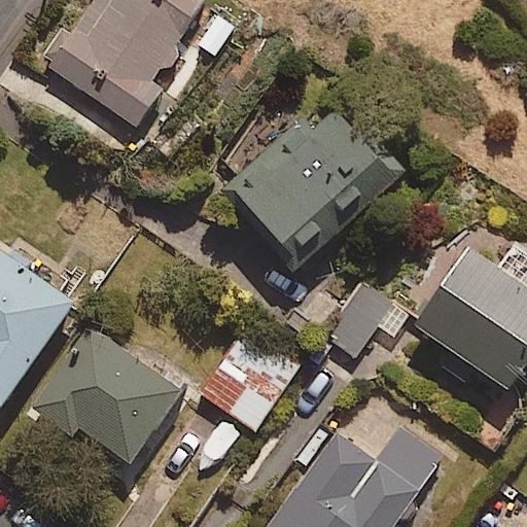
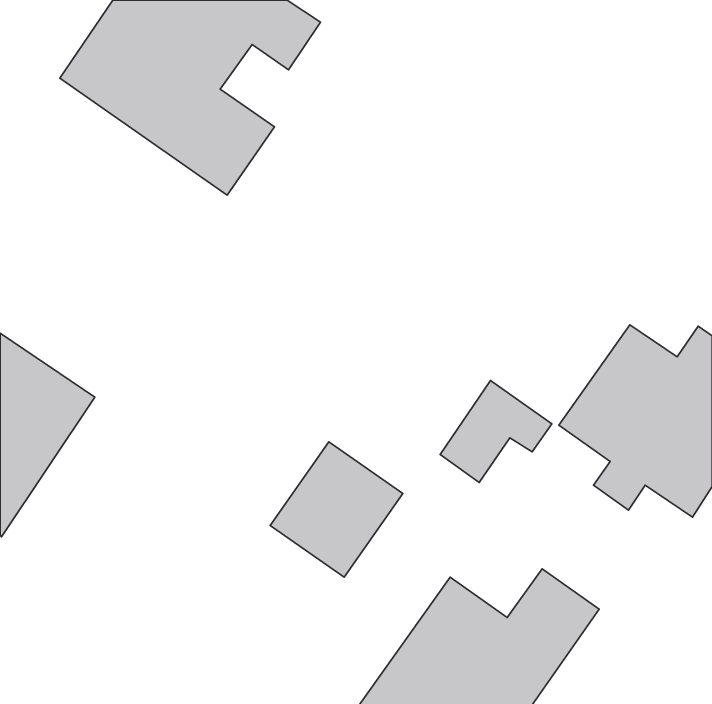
building: [221,93,401,271] -> none
building: [32,325,183,463] -> none

